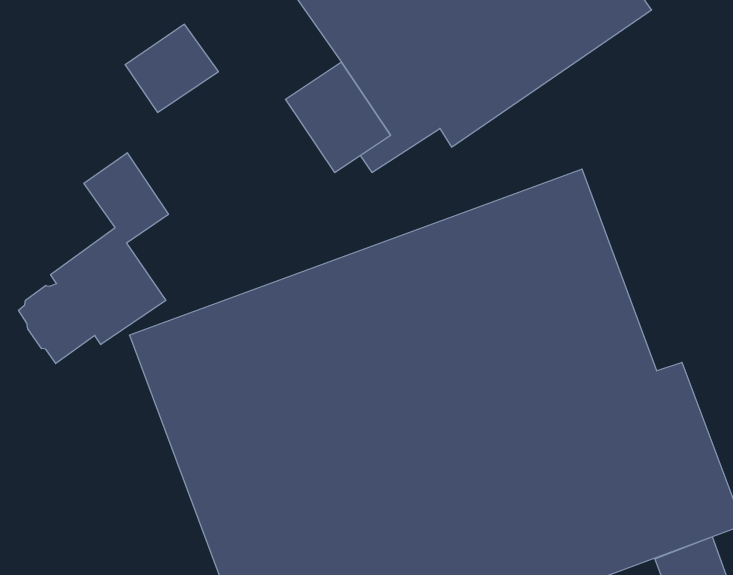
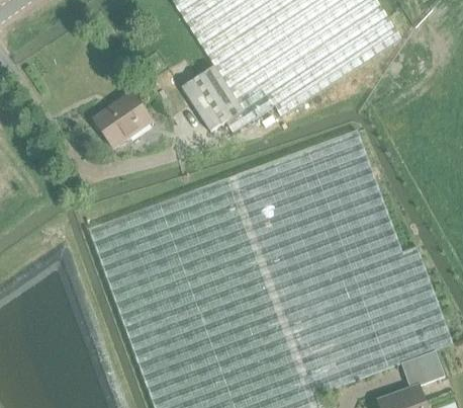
building: [125,24,218,112] -> [95,93,151,146]
building: [19,153,168,364] -> none

